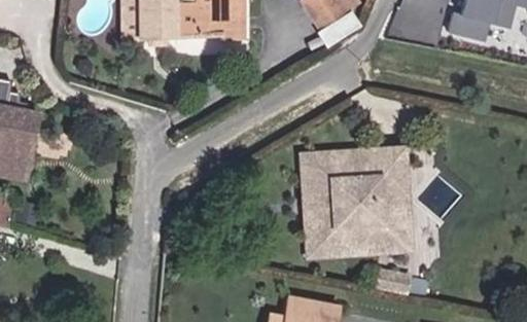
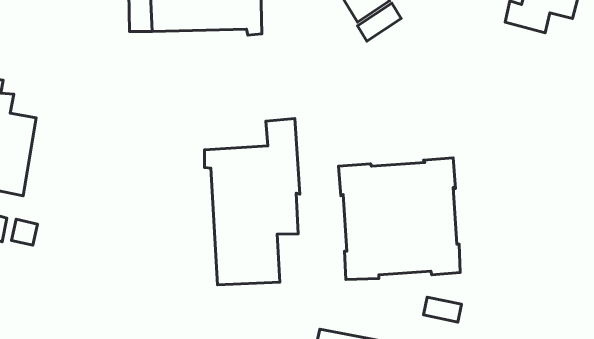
building: none -> [204,119,300,285]

